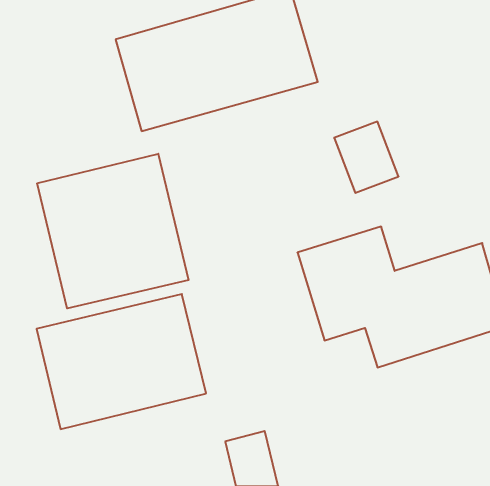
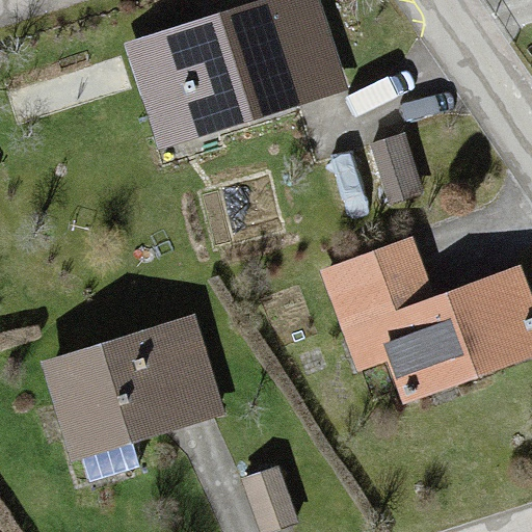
building: [37,154,189,308] -> none

